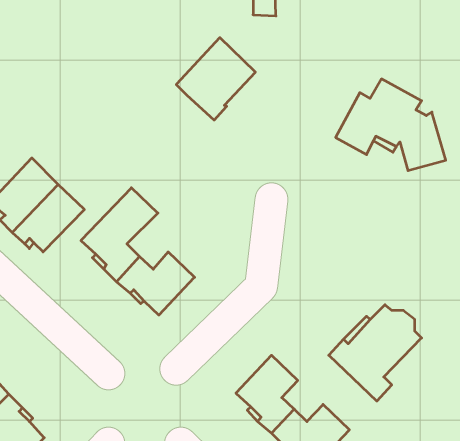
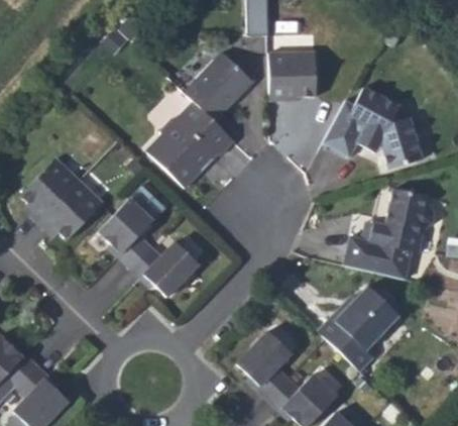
building: none -> [272,48,320,98]
building: none -> [146,102,234,189]
building: none -> [344,183,429,279]

